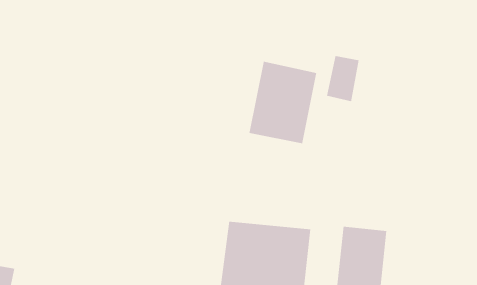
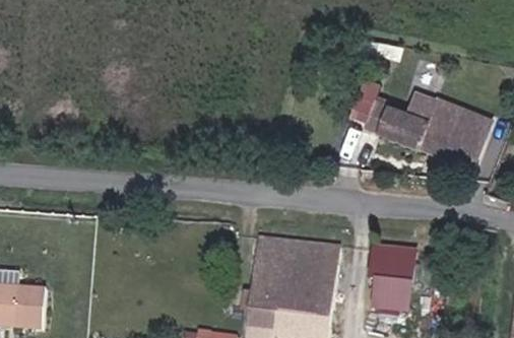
building: [249,61,317,144] -> none
building: none -> [384,90,502,168]

